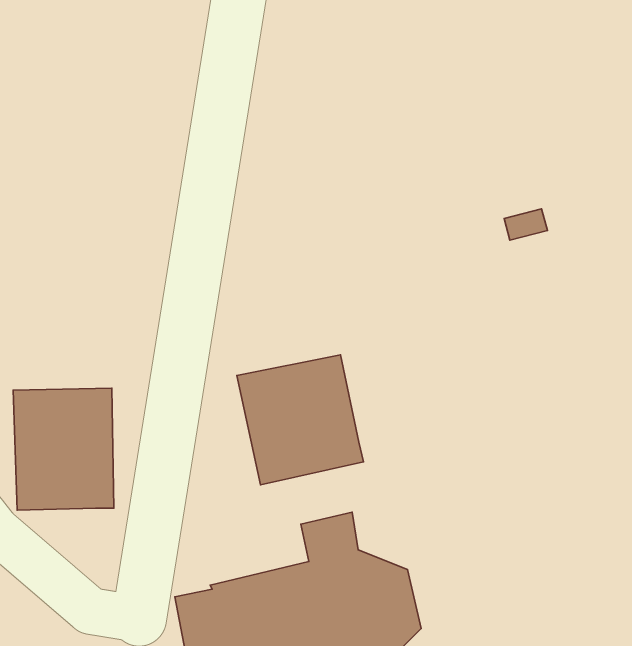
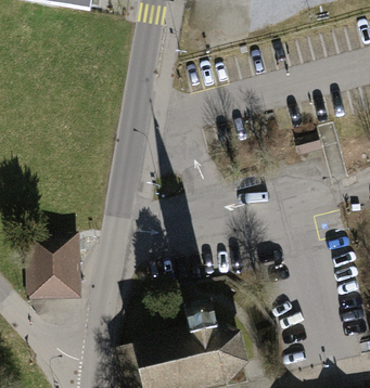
building: [237,355,364,485] -> none

